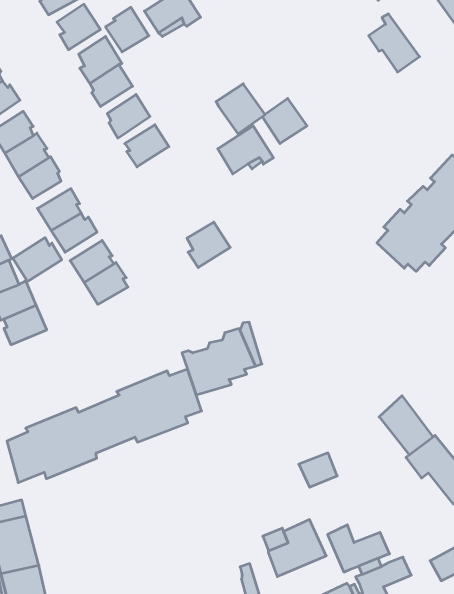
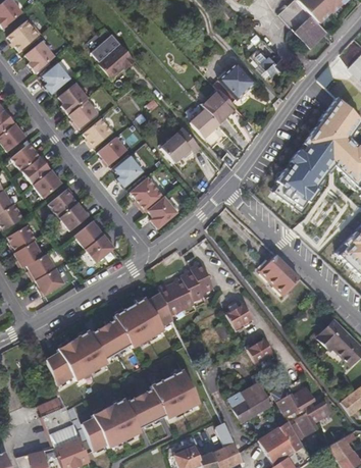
building: [106,7,149,52] -> none
building: none -> [216,62,251,98]
building: [216,84,265,134] -> [200,89,234,122]
building: none -> [114,154,144,186]
building: none -> [131,175,164,211]
building: [13,238,62,281] -> none
building: [379,396,433,455] -> [259,250,297,289]
building: none -> [222,302,251,330]
building: none -> [82,371,200,451]

